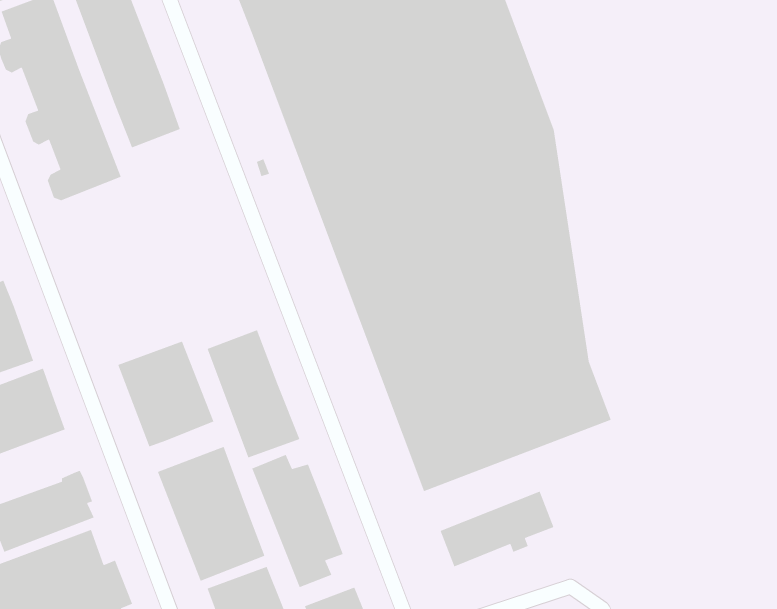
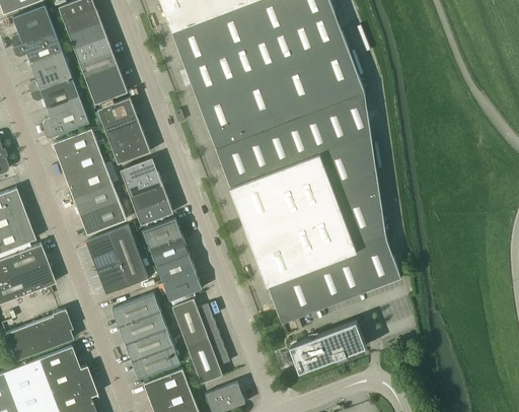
building: none -> [97,98,150,164]
building: none -> [53,129,126,235]
building: none -> [120,158,173,225]

